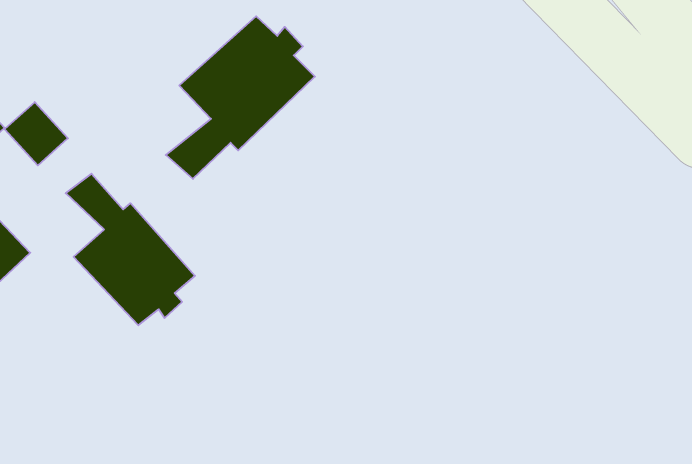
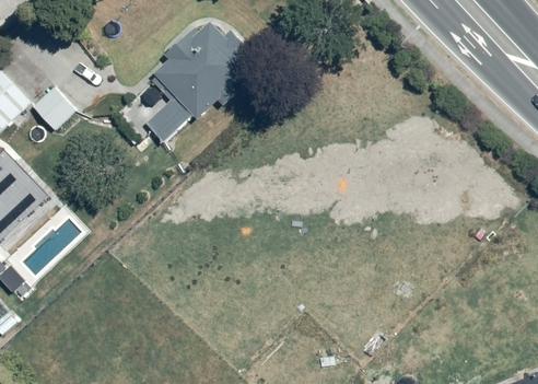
building: [66,174,195,325] -> none

